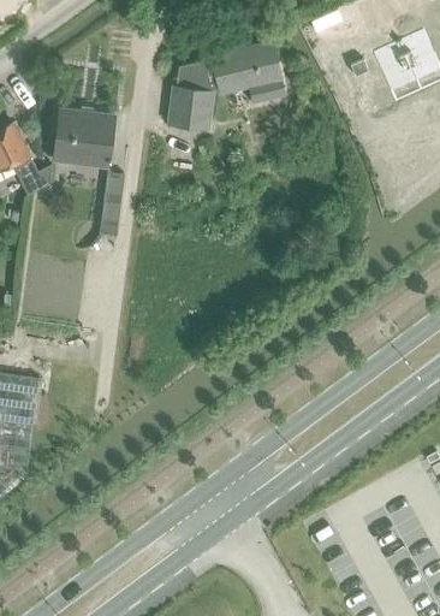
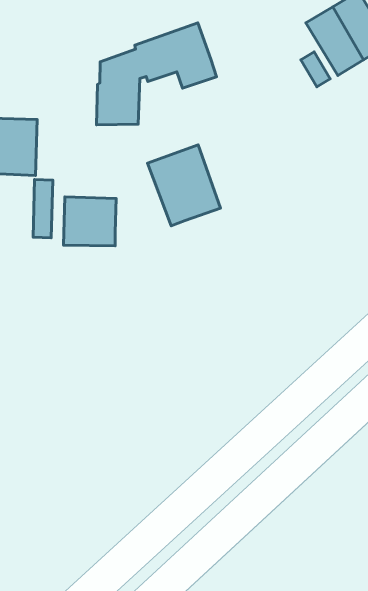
building: none -> [148,145,220,226]
building: none -> [63,197,116,246]

